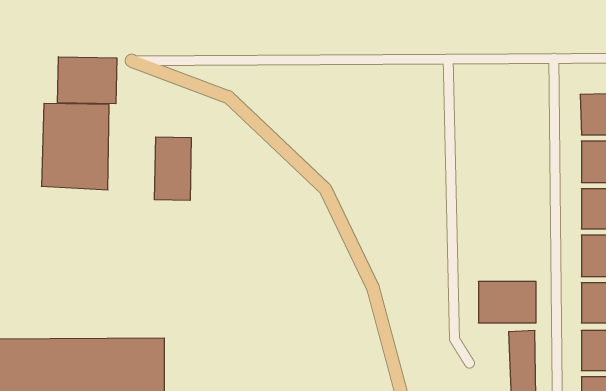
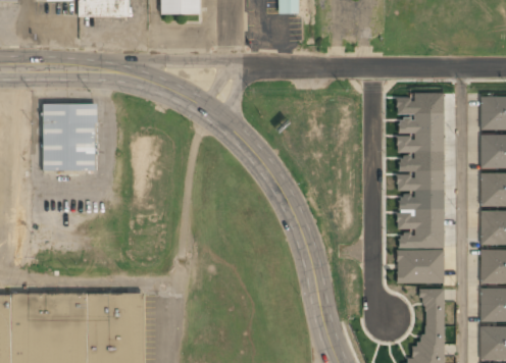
building: [57,57,117,104] -> none
building: none -> [397,92,446,247]
building: [155,137,191,200] -> none

